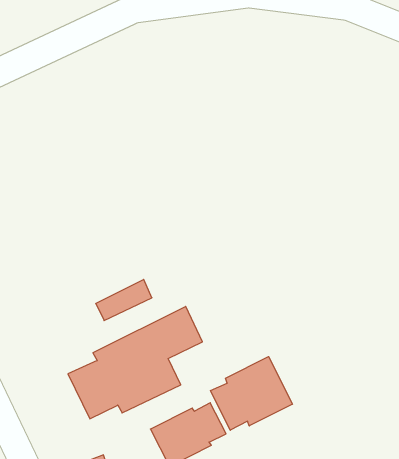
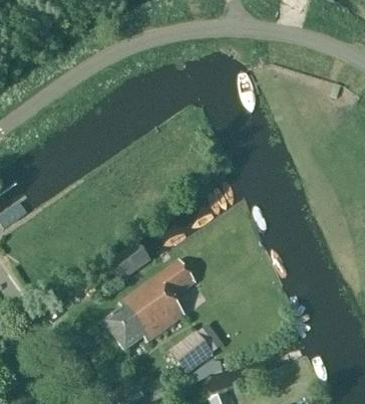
building: [210,357,292,430] -> none

